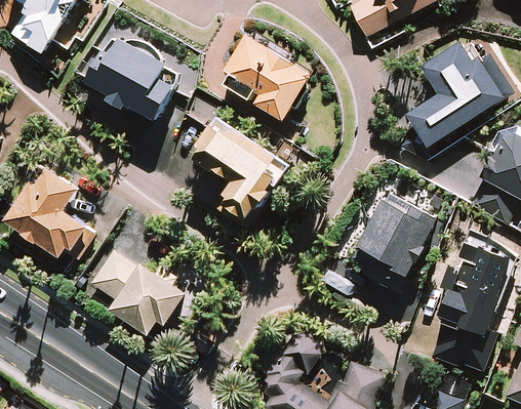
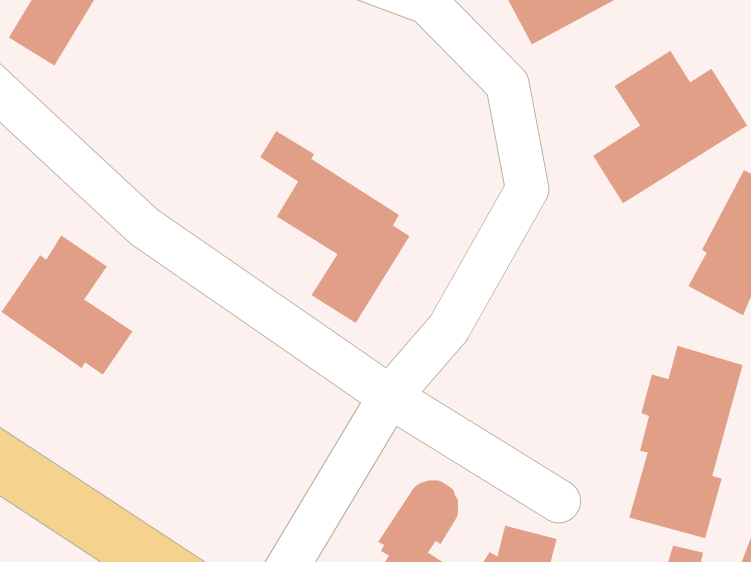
building: [86,34,178,120] -> none
building: [218,36,310,120] -> none
building: [337,194,436,299] -> none
building: [88,251,188,338] -> none

